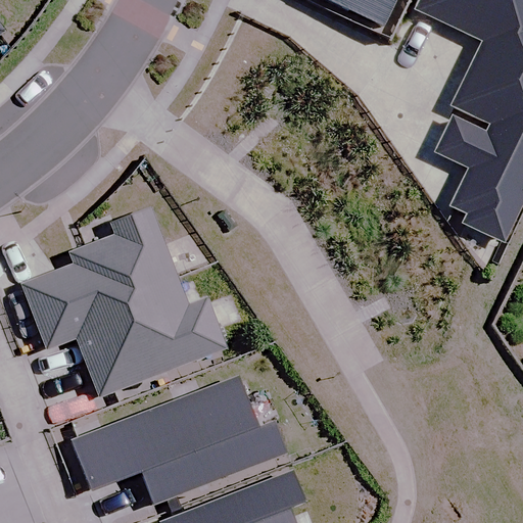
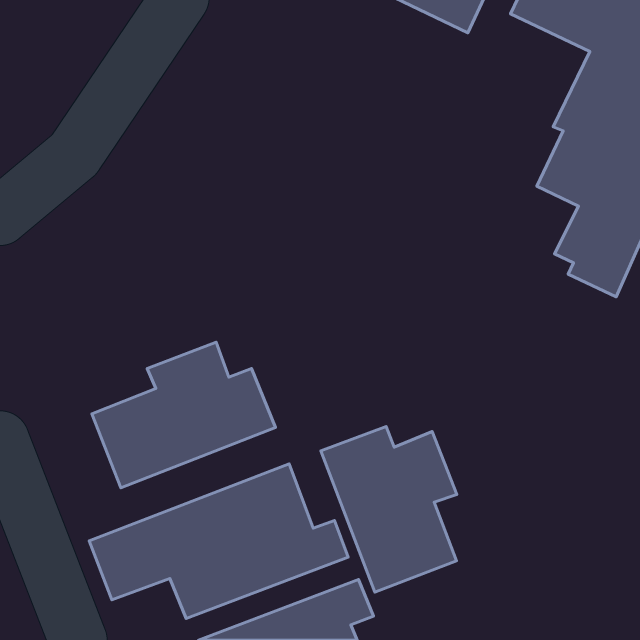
building: [23,207,178,347] -> none
building: none -> [321,427,457,592]

